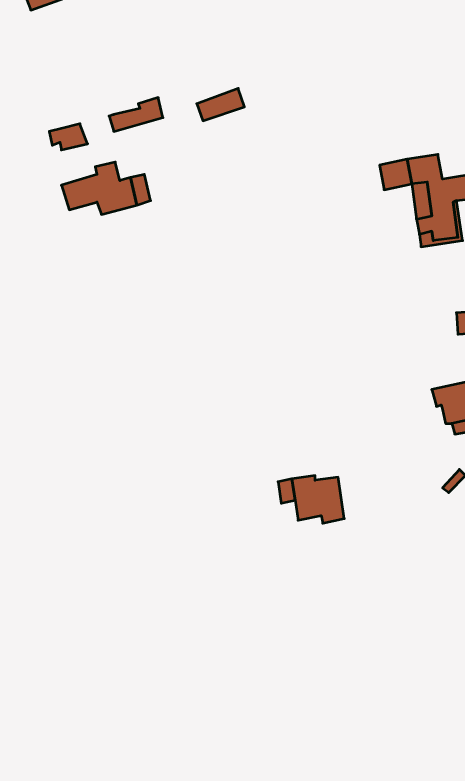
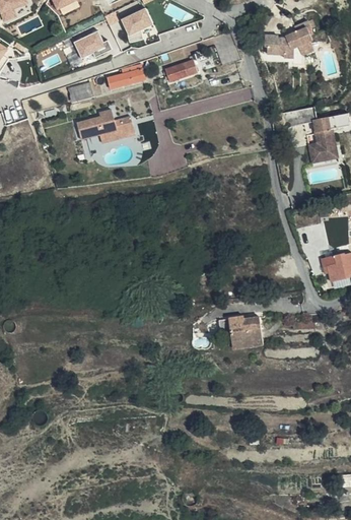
building: none -> [121,8,154,41]
building: none -> [263,20,313,59]
building: none -> [73,28,106,57]

